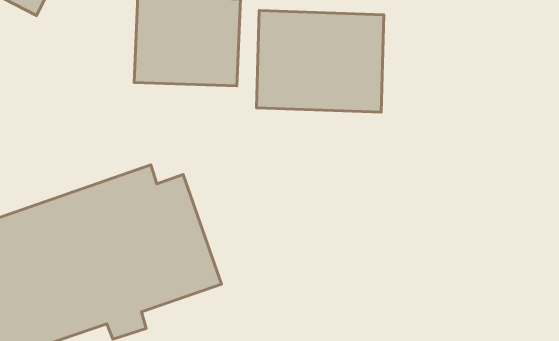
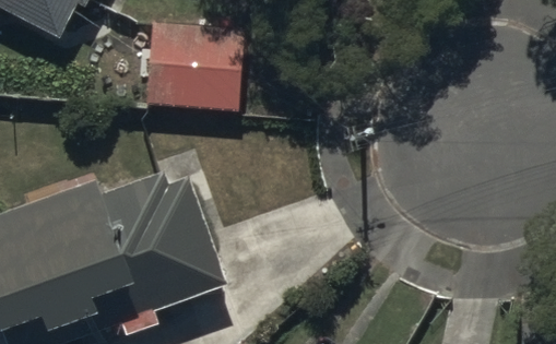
building: [256,10,384,112] -> none

